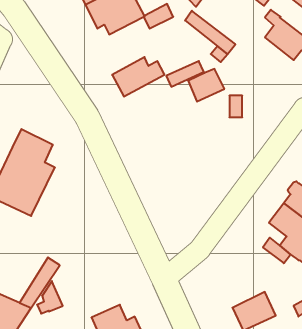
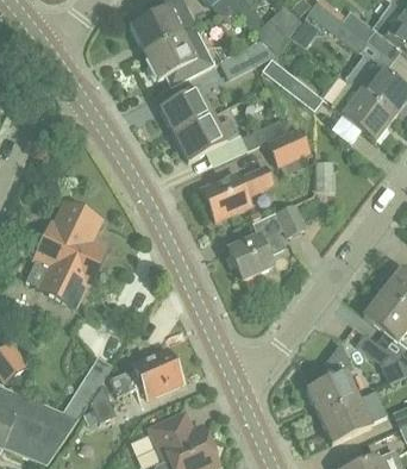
building: none -> [330,81,394,140]
building: none -> [161,87,214,135]
building: none -> [201,165,273,220]
building: none -> [228,202,305,277]
building: none -> [111,350,183,399]
building: none -> [306,369,359,415]

